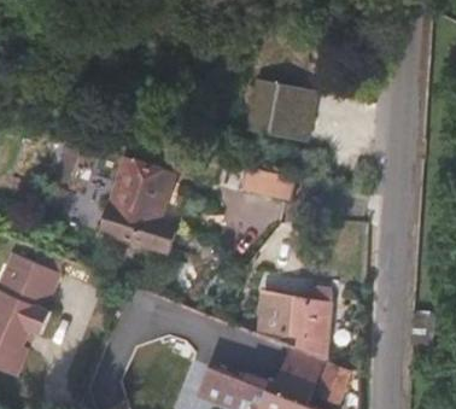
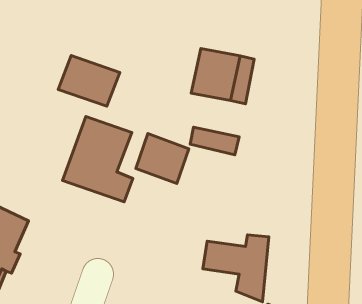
building: none -> [58,56,120,106]
building: none -> [136,134,189,184]

